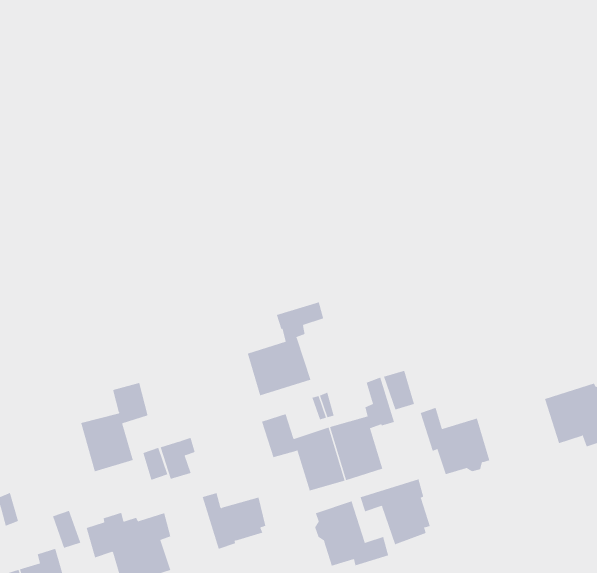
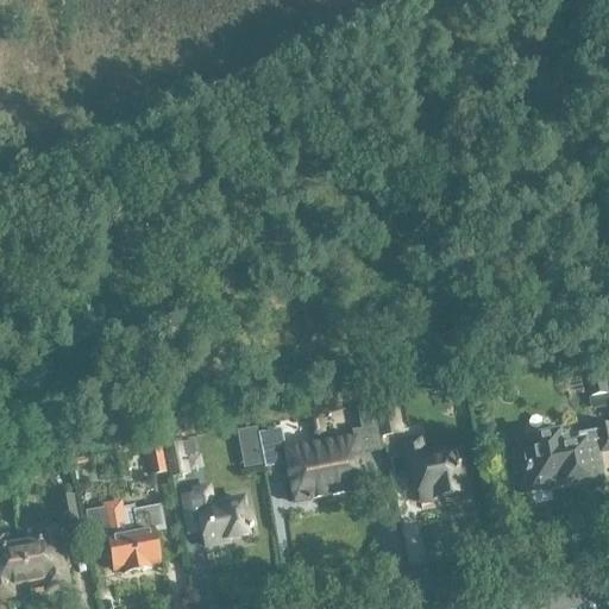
building: [247,301,324,396] -> none
building: [80,382,148,472] -> none
building: [360,478,431,545] -> none
building: [315,501,389,566] -> none

